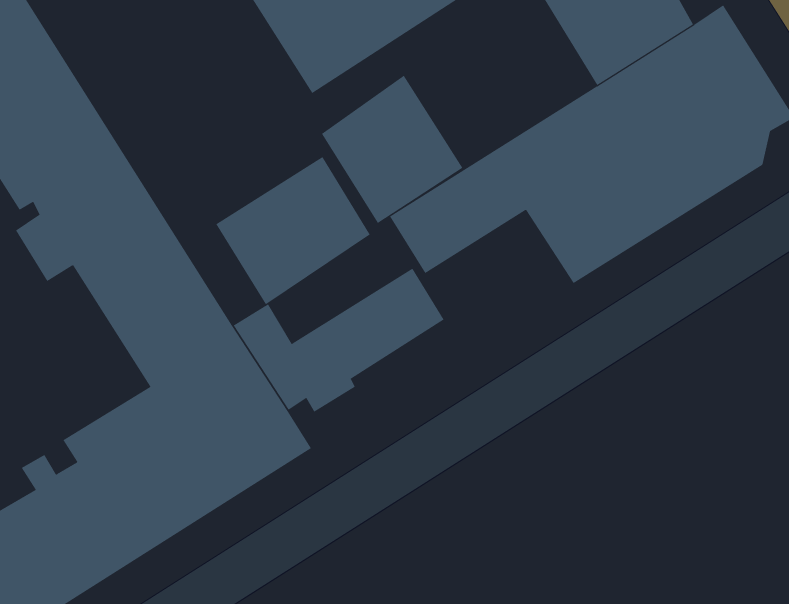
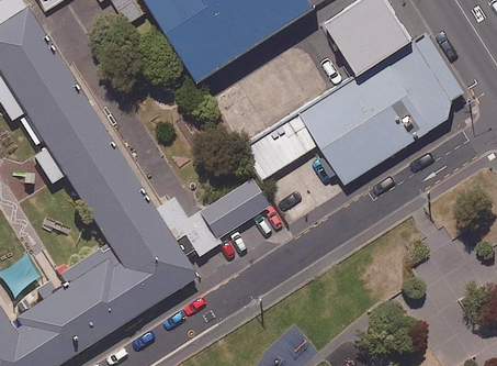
building: [321,75,463,224] -> none
building: [215,156,371,305] -> none

